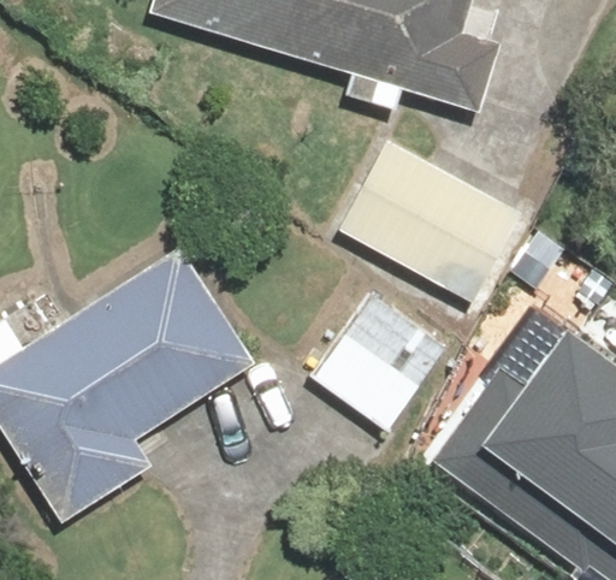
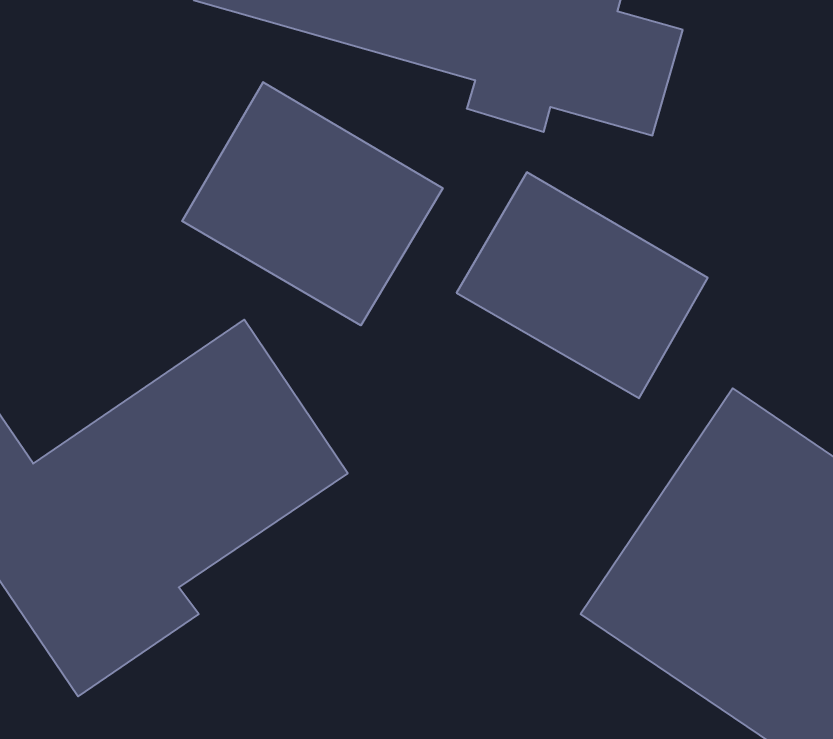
building: none -> [182,82,443,325]
building: [312,280,457,431] -> none

